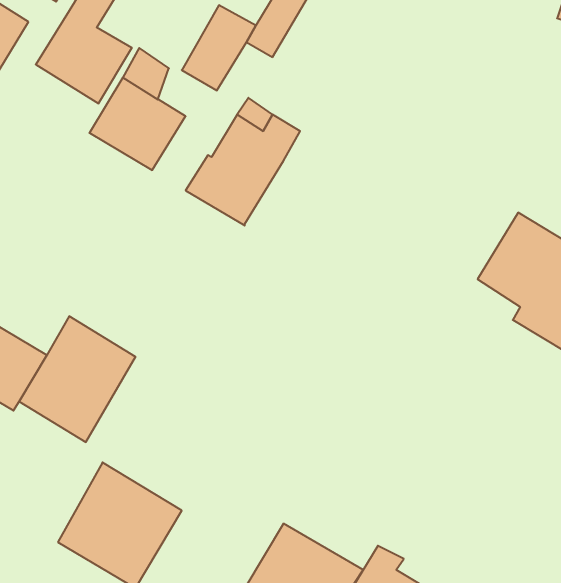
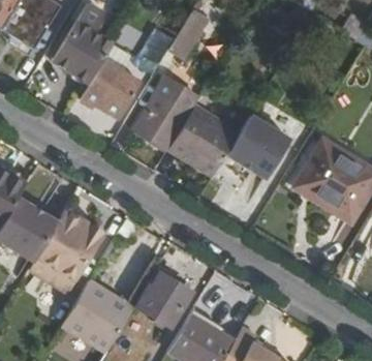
building: none -> [167,114,238,175]
building: none -> [230,115,294,180]
building: none -> [134,269,191,327]

